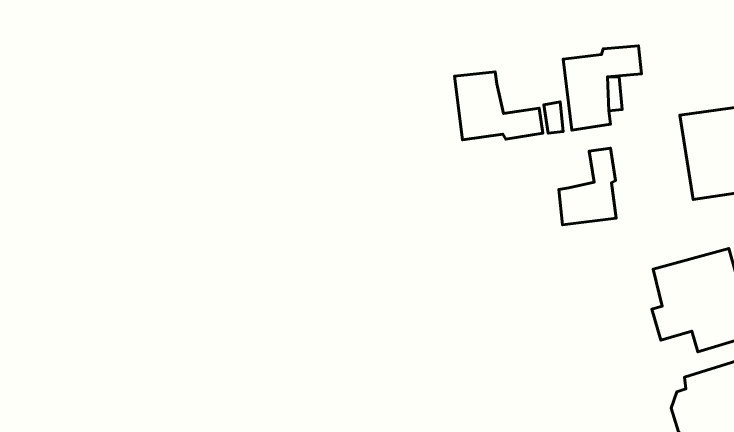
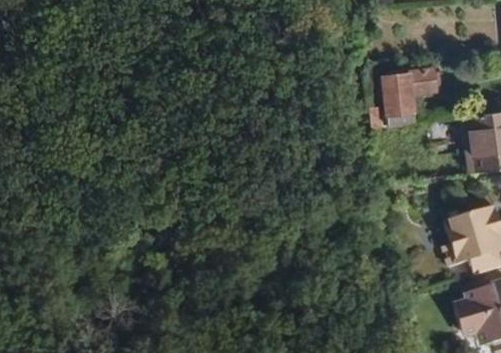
building: [454,72,543,140] -> none
building: [559,148,616,225] -> none

